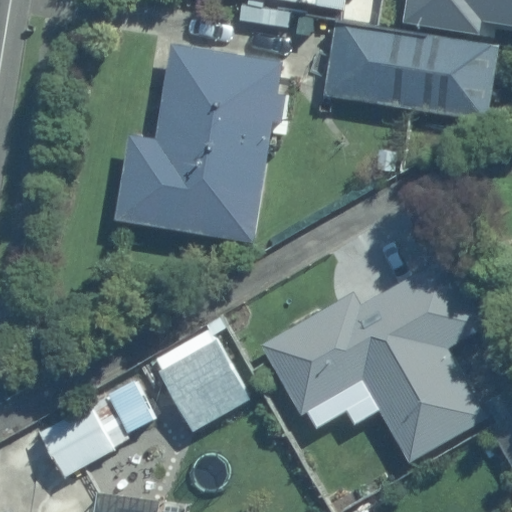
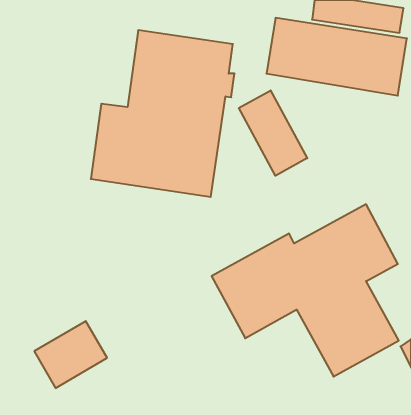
building: none -> [239,90,307,176]
building: [161,345,242,427] -> none

